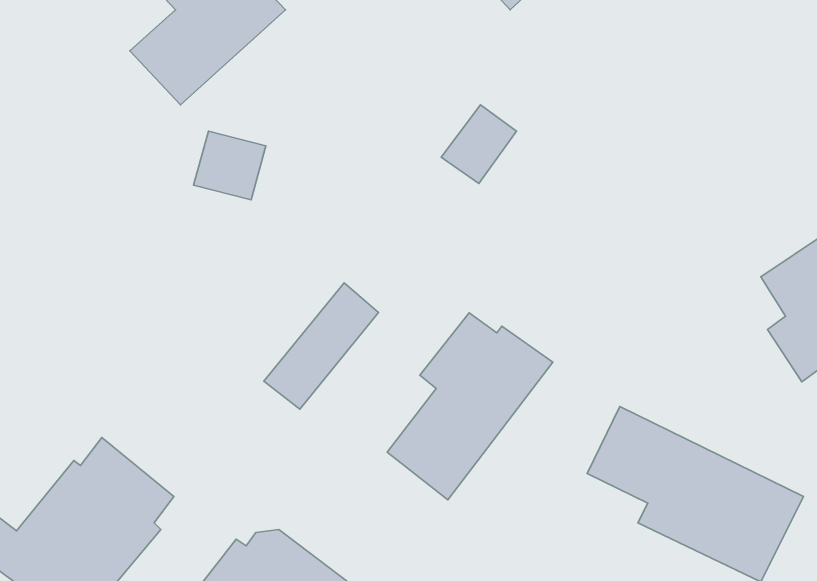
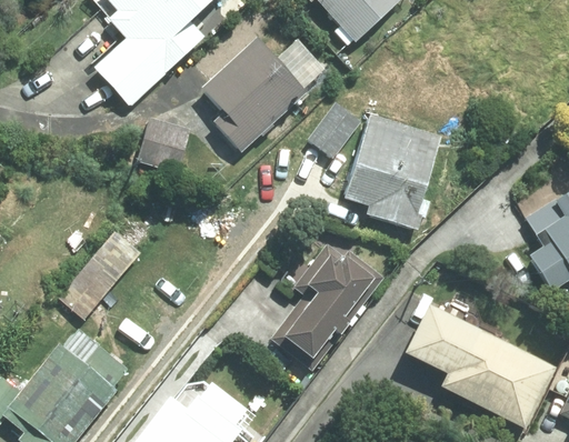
building: none -> [204,40,306,152]
building: none -> [346,115,441,229]
building: [264,283,379,409] -> [60,233,138,319]

